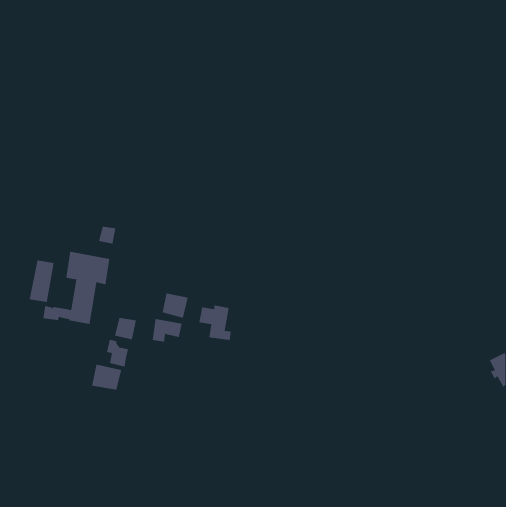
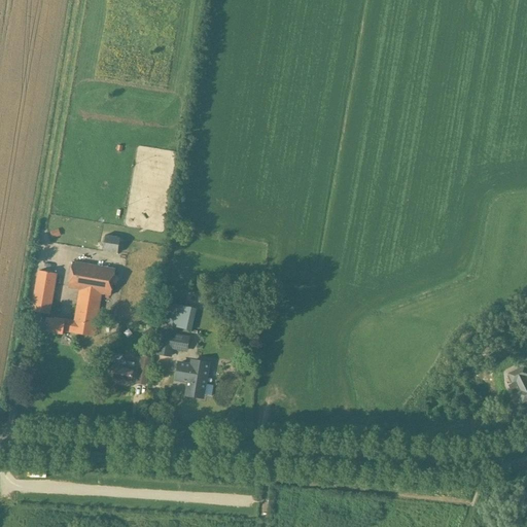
building: [199,305,231,340] -> [175,360,209,397]
building: [114,317,137,340] -> none
building: [92,364,122,391] -> none

